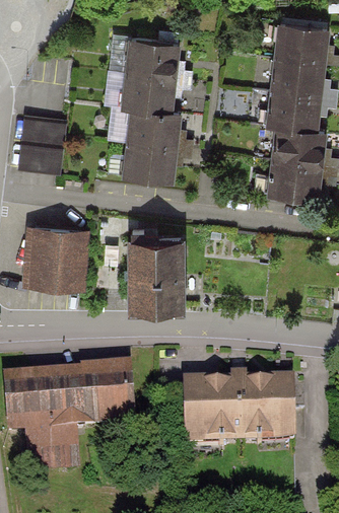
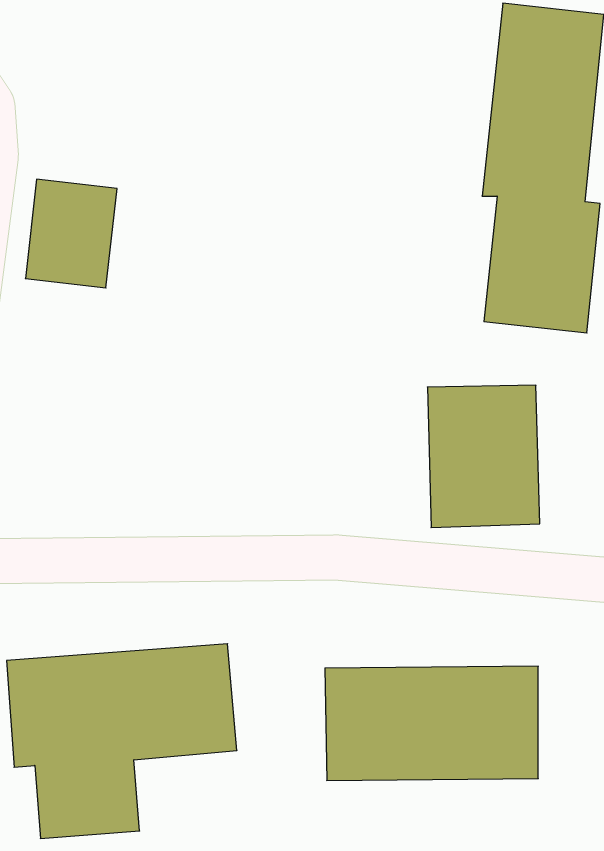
building: [120,33,183,174] -> none
building: [22,218,90,282] -> none
building: [124,230,185,307] -> [427,385,540,528]

